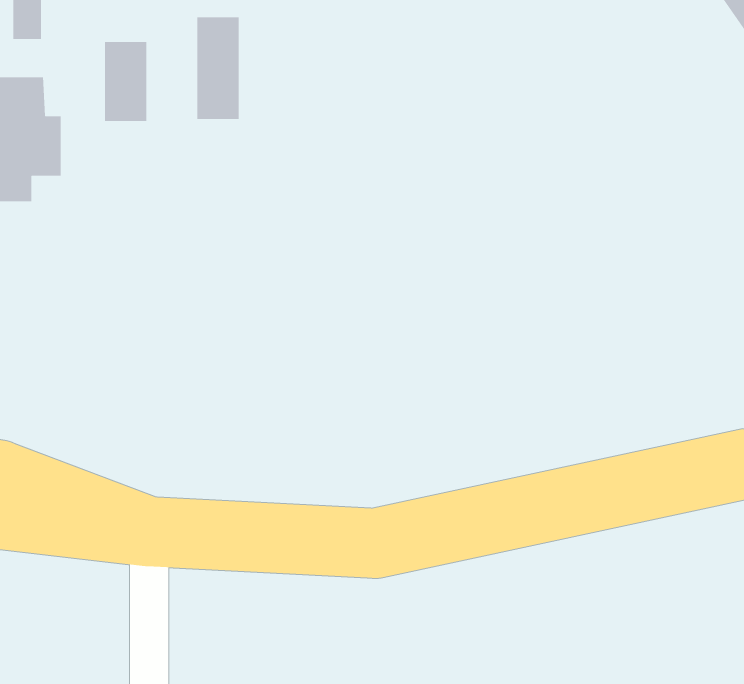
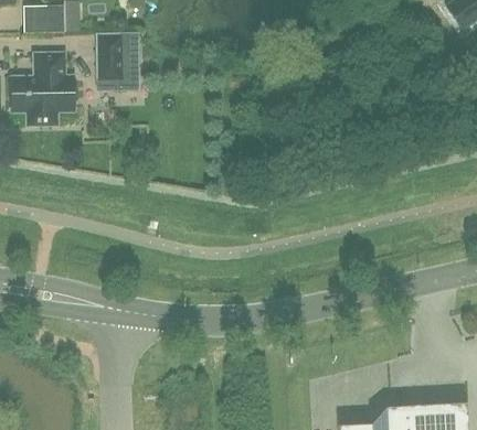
building: [197,16,239,120] -> none

